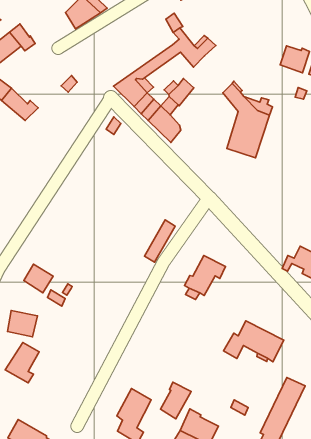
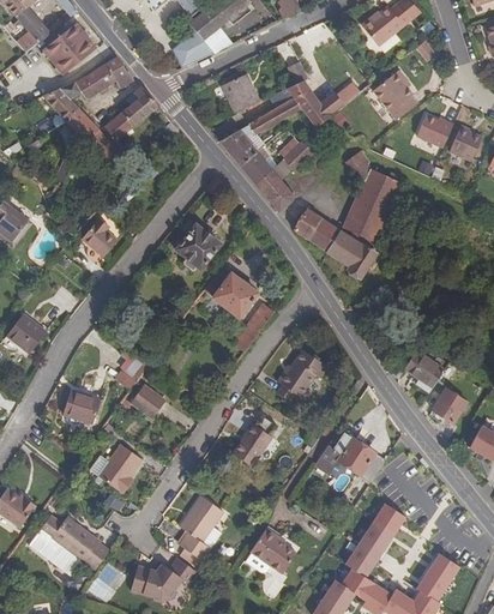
building: none -> [373,70,417,119]
building: none -> [224,73,263,112]
building: none -> [103,85,157,140]
building: none -> [294,209,375,278]
building: none -> [173,218,221,270]
building: none -> [82,216,118,255]
building: none -> [204,265,258,315]
building: [24,264,53,293] -> [132,384,167,419]
building: [5,342,39,383] -> [98,445,140,493]
building: [160,382,191,419] -> [234,422,272,465]

